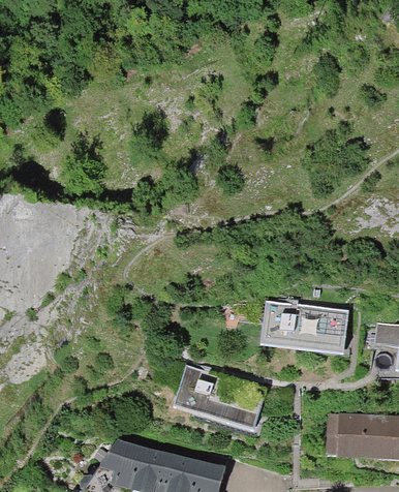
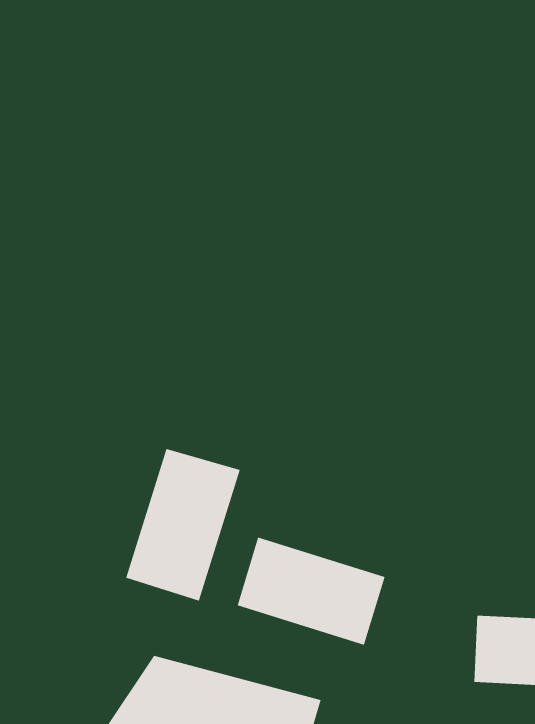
building: [258,300,347,356] -> none
building: none -> [126,448,240,601]

